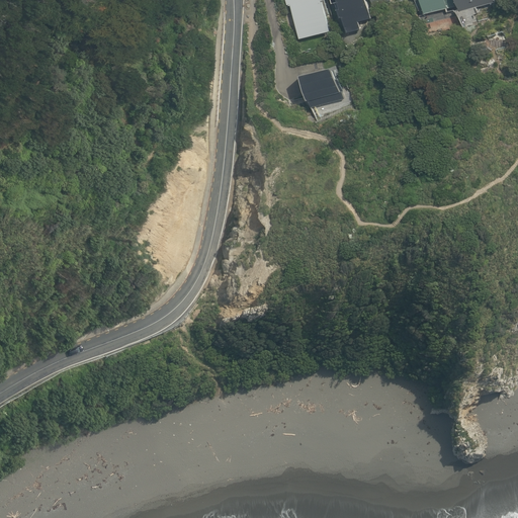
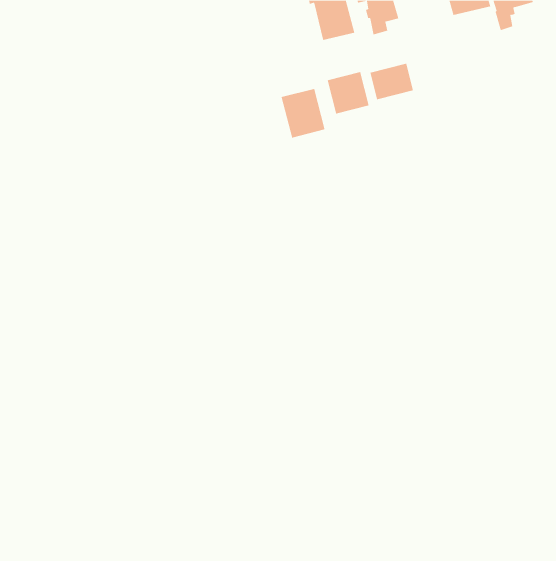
building: none -> [370,63,414,100]
building: none -> [281,88,325,138]

